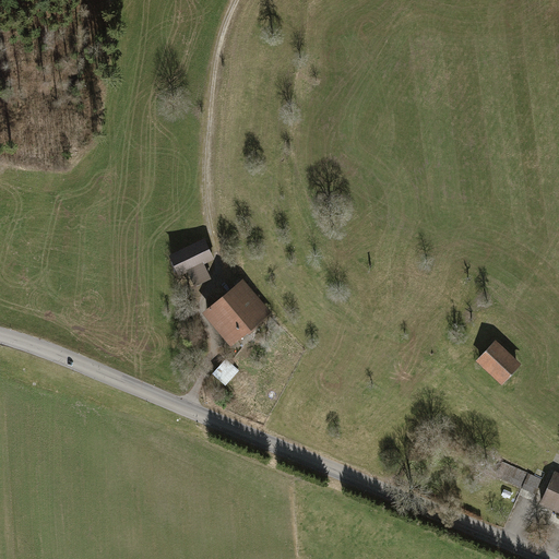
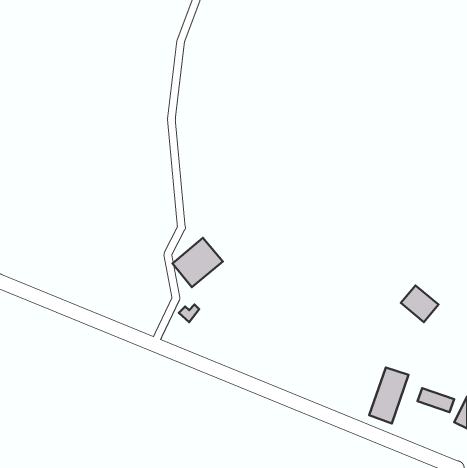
building: [169,240,210,285] -> none
building: none -> [369,368,408,423]

